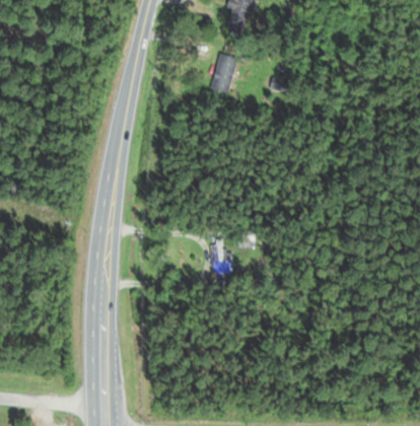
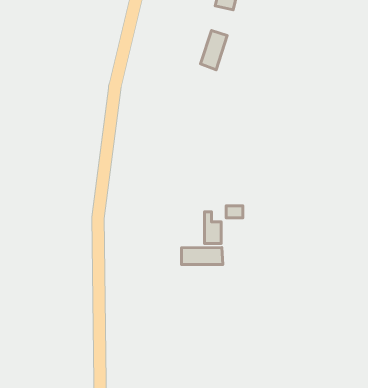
building: none -> [181,247,223,264]

